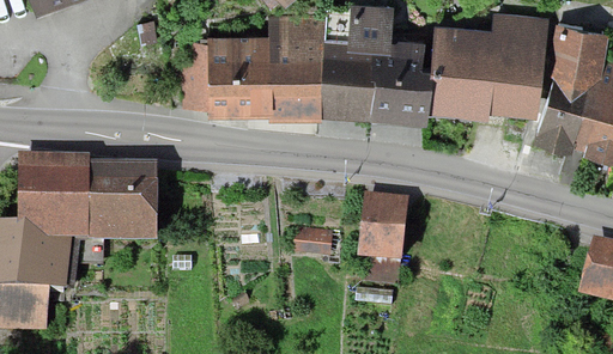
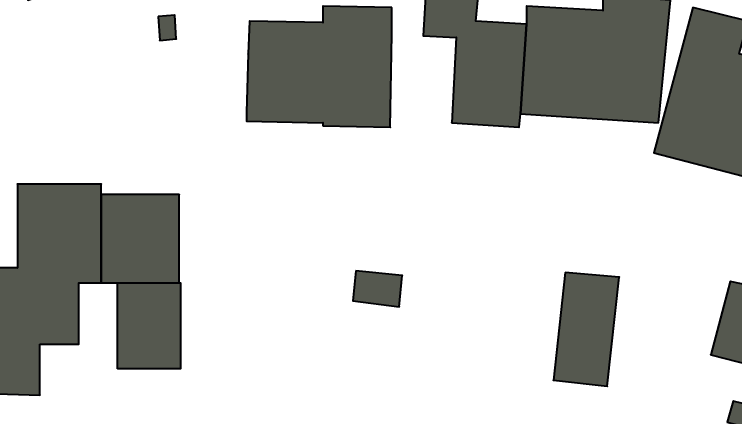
building: [323,42,376,117] -> none
building: [184,57,210,105] -> none
building: [356,196,408,287] -> [553,273,619,386]
building: none -> [118,283,181,369]

